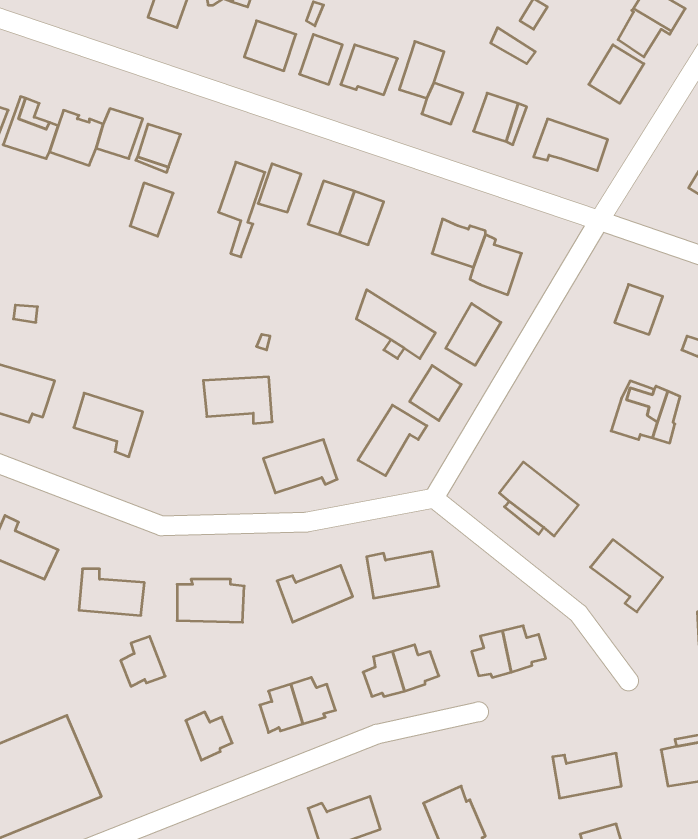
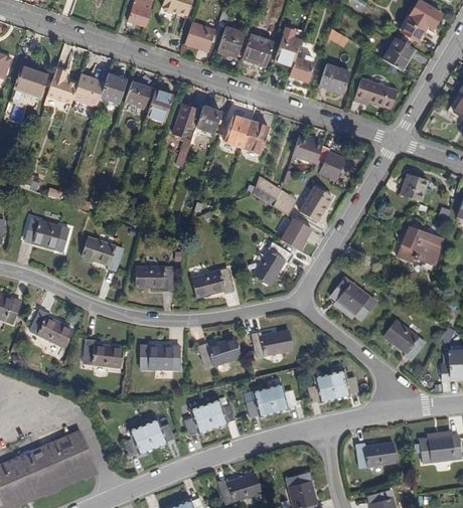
building: [130,183,173,236] -> [144,87,169,118]
building: [203,377,272,423] -> [136,264,176,291]
building: [121,636,165,686] -> [132,428,158,457]

